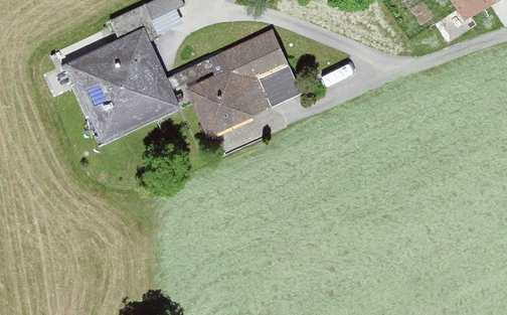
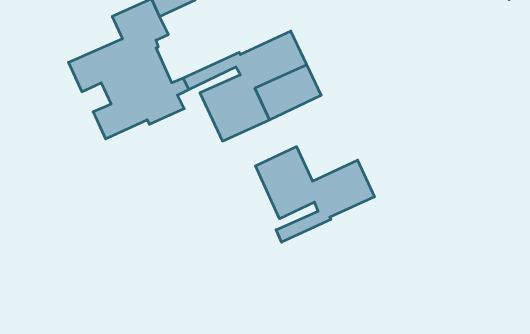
building: none -> [255,147,374,242]

